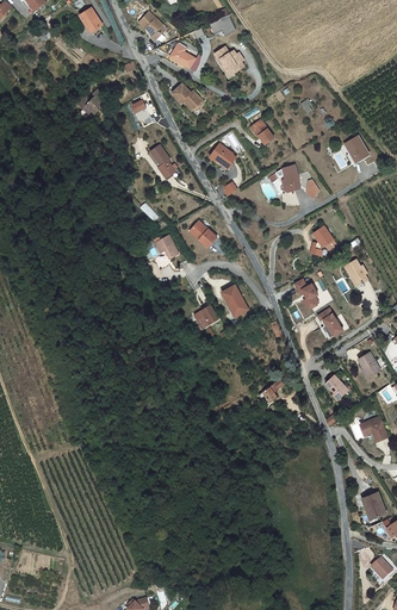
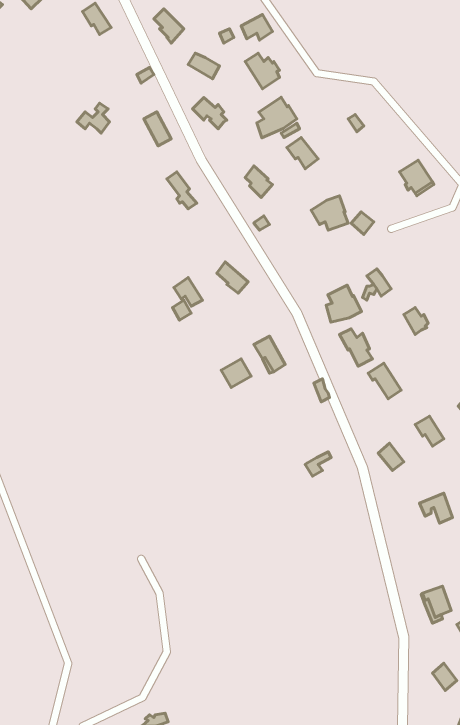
building: none -> [257,97,297,138]
building: none -> [326,285,361,322]

